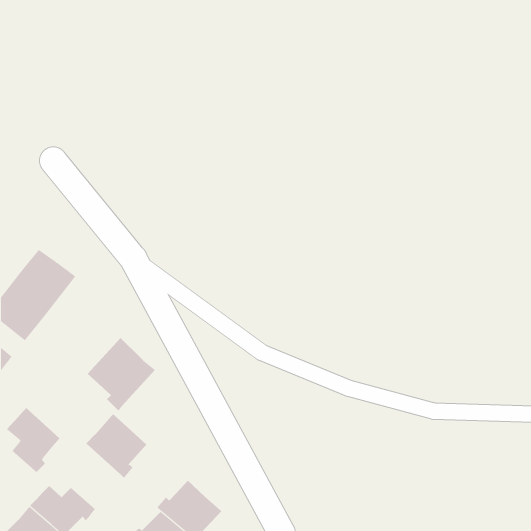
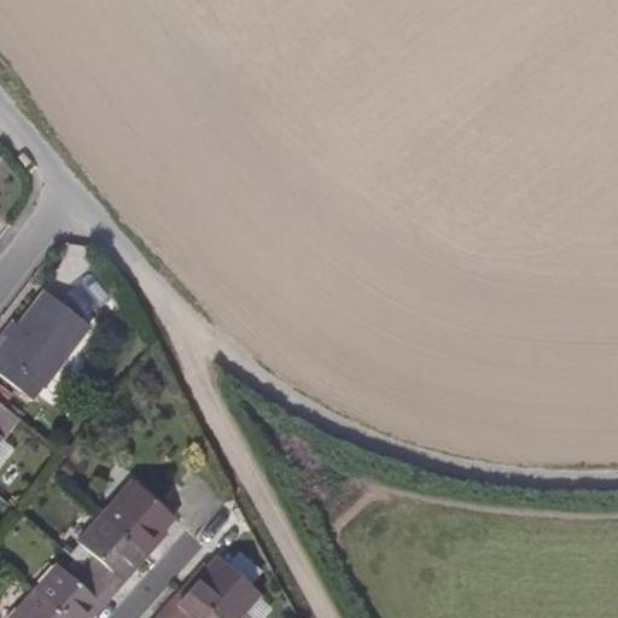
building: [87,337,156,411] -> none
building: [6,407,60,473] -> [78,515,141,591]

